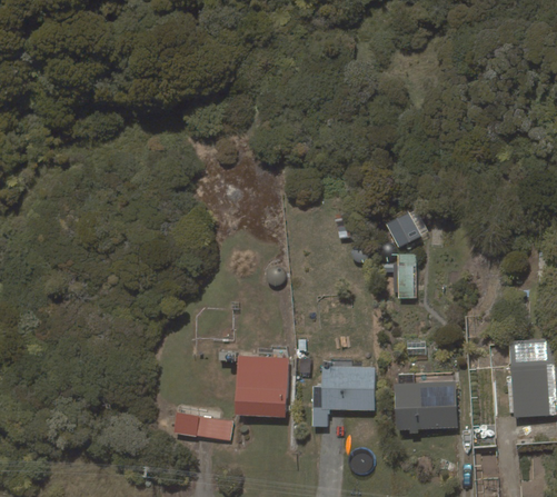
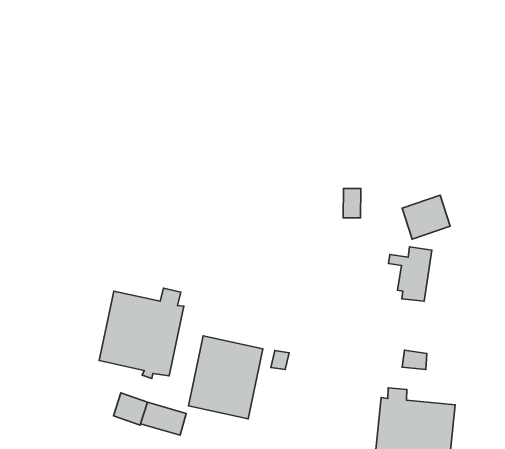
building: none -> [99,288,184,378]
building: [310,366,375,427] -> none

